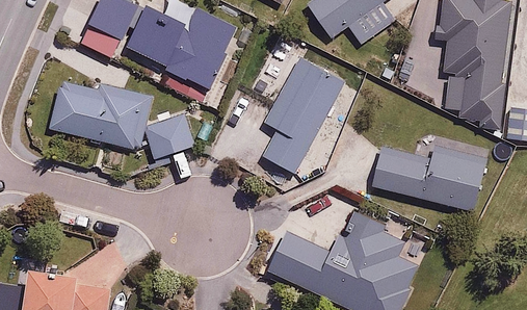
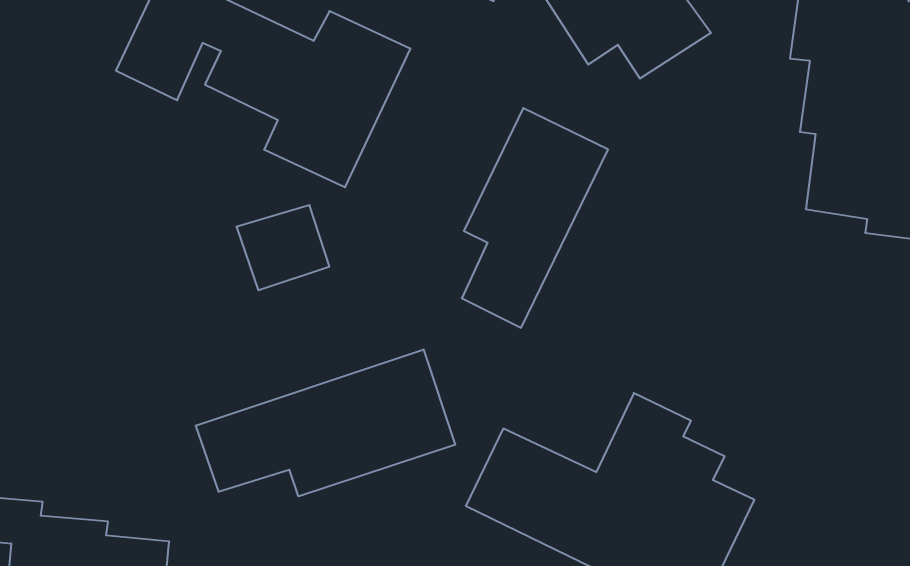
building: [53,84,149,148] -> none
building: [374,139,484,211] -> none
building: none -> [196,349,455,496]

